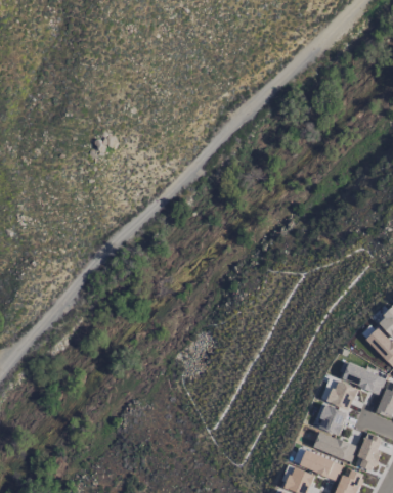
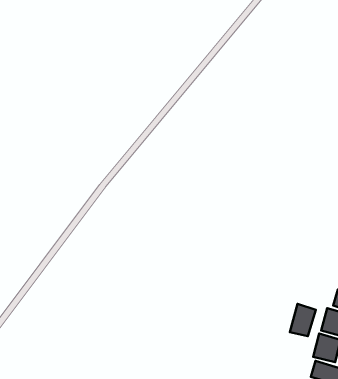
building: none -> [290,304,316,336]

